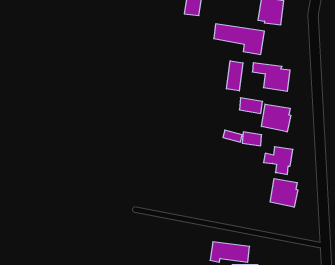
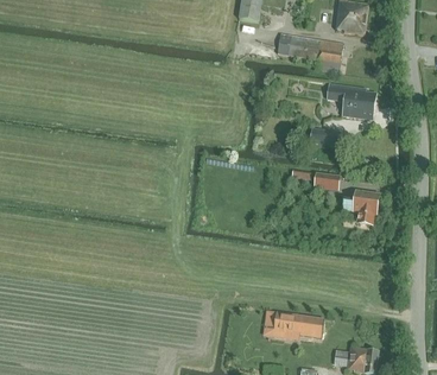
building: [227,61,243,91] -> none
building: [262,104,291,132] -> none
building: [270,179,298,207] -> none

